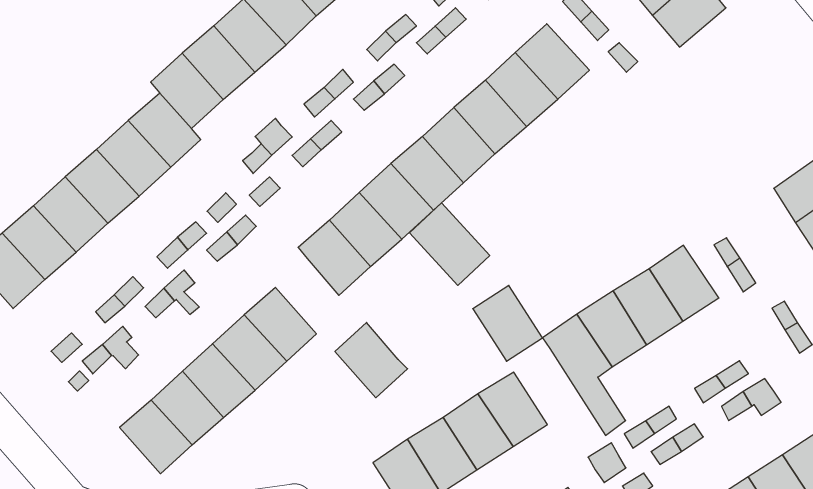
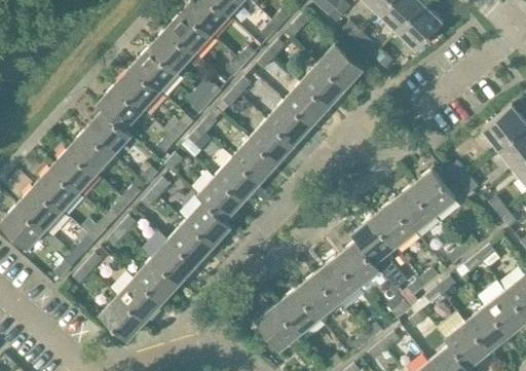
building: [410,203,490,285] -> none
building: [473,285,543,361] -> [336,242,380,288]
building: [335,322,408,398] -> [186,201,231,247]

